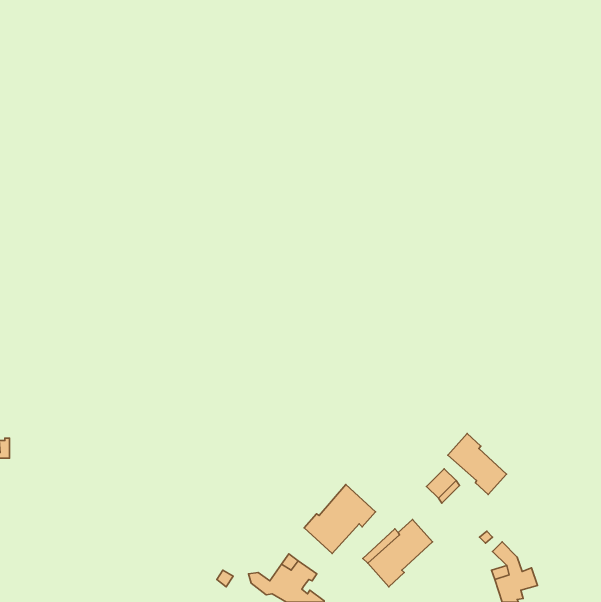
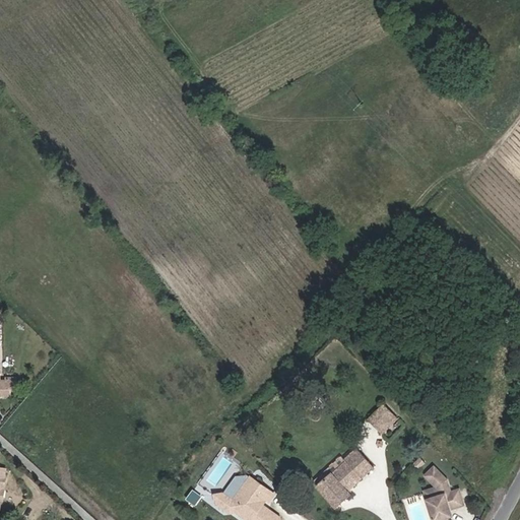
building: [448,434,506,494] -> none
building: [304,484,376,554] -> none

